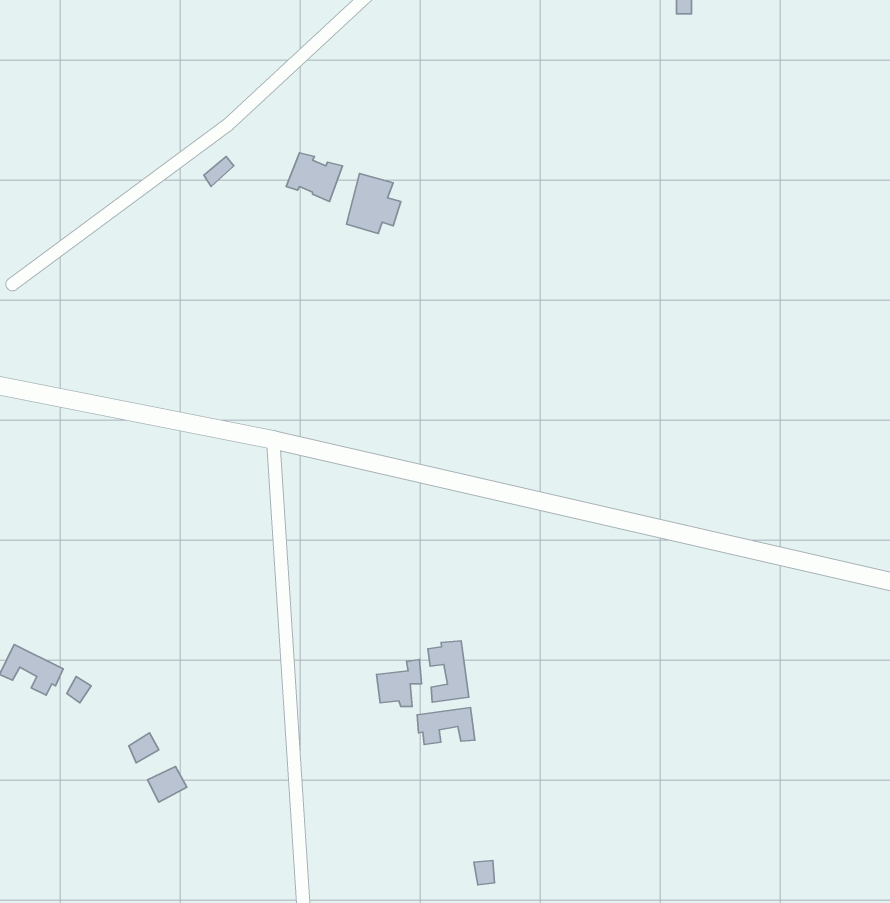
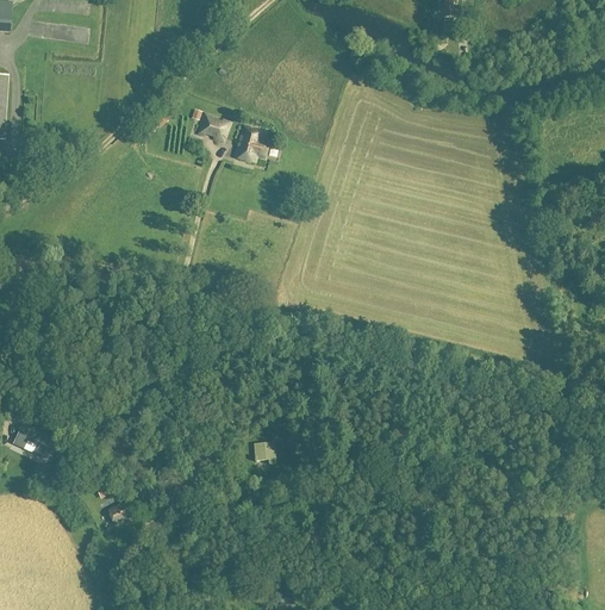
building: [428,641,469,702] -> none
building: [417,708,475,744] -> none

